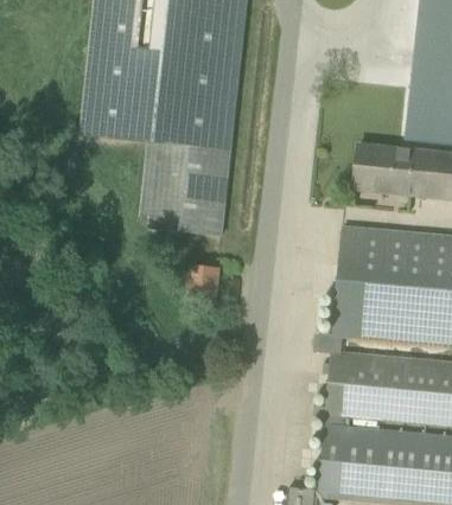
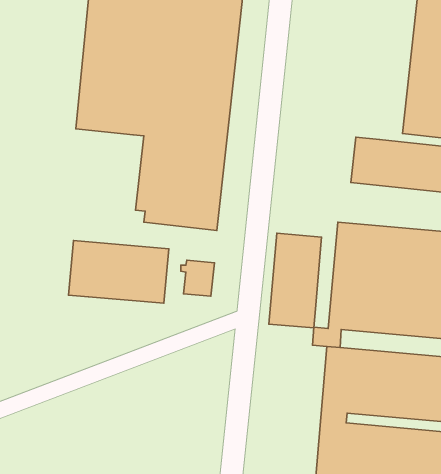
building: none -> [269,233,322,328]
building: none -> [69,241,169,303]

